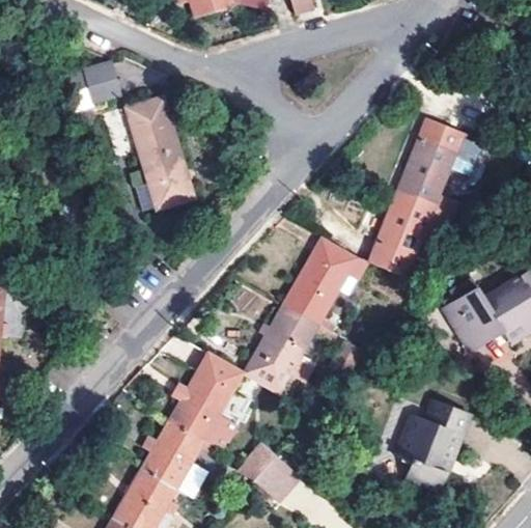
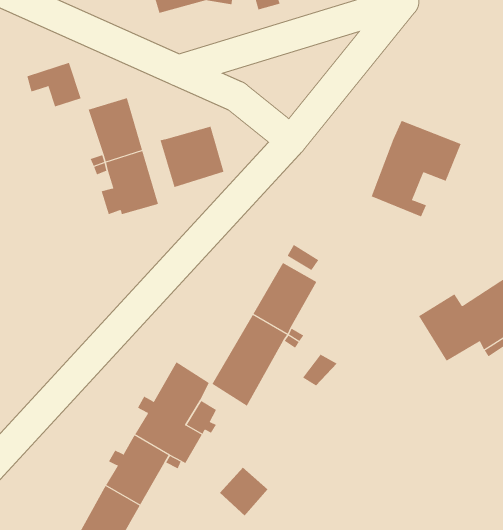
building: none -> [160,126,224,188]
building: [367,192,445,278] -> none
building: [403,398,469,491] -> none

